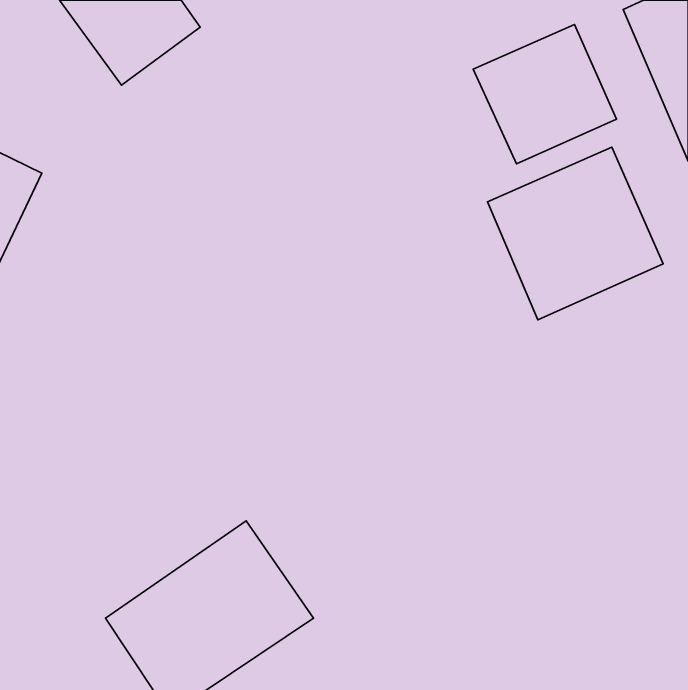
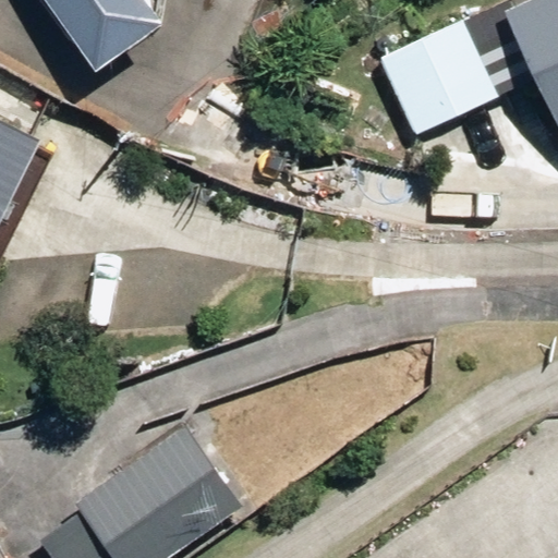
building: [487,147,663,320] -> none

